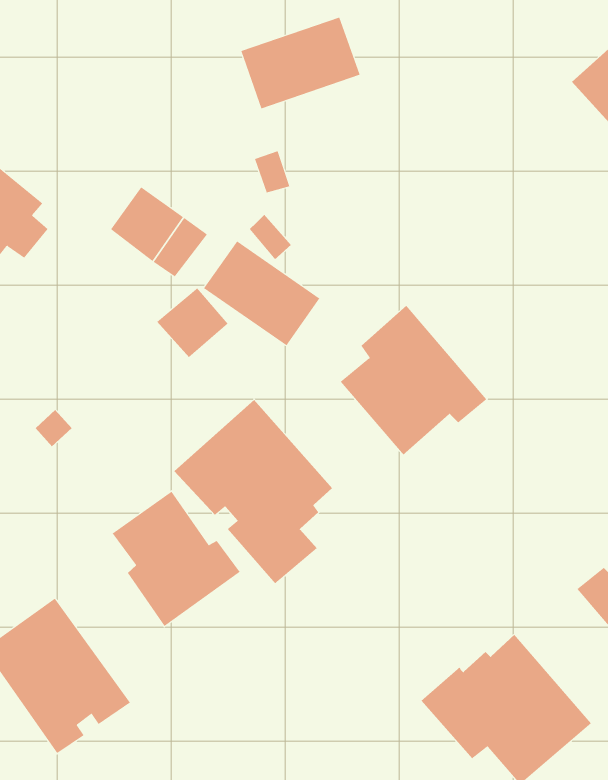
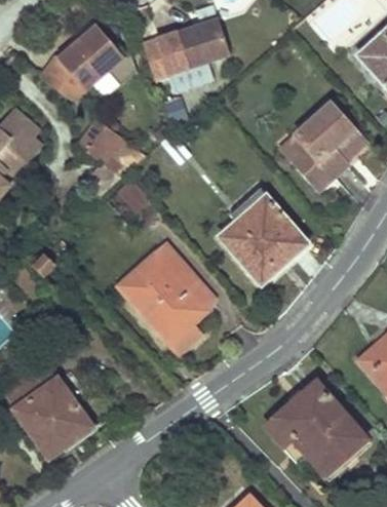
building: none -> [39,22,124,102]
building: none -> [294,106,363,191]
building: [203,241,320,346] -> none
building: [112,491,241,627] -> none

